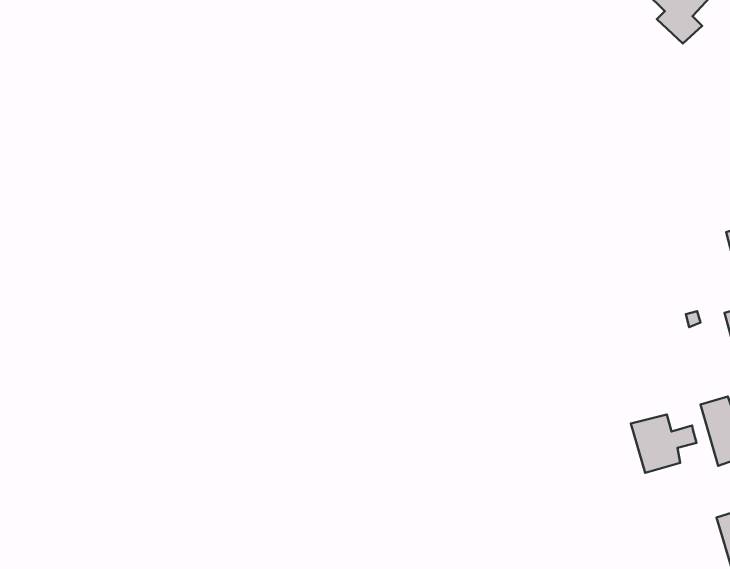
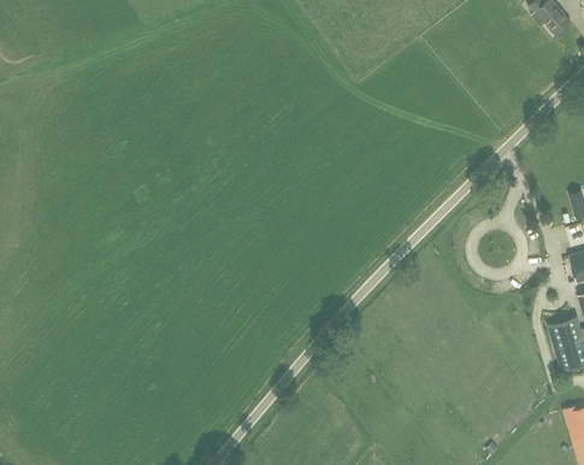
building: [631,414,697,473] -> none

